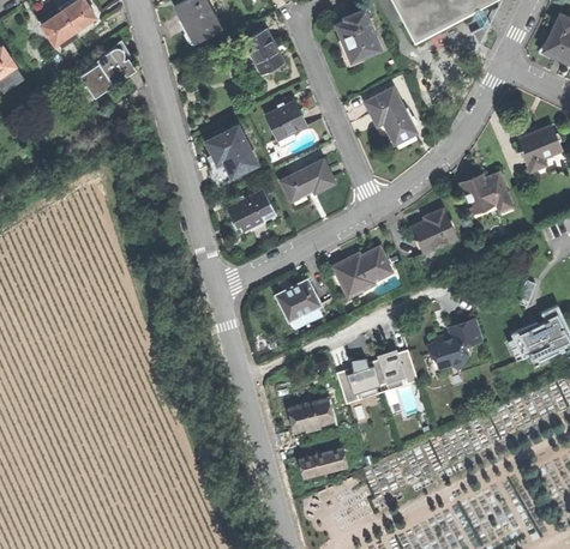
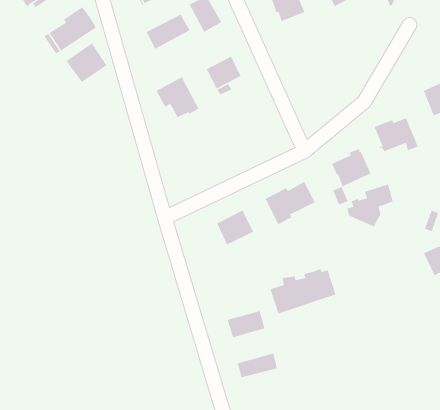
building: none -> [146,13,191,50]
building: none -> [66,42,108,83]
building: [365,88,416,144] -> none
building: [281,159,334,201] -> none
building: [226,191,275,231] -> none
building: [427,316,482,368] -> [346,183,394,228]

